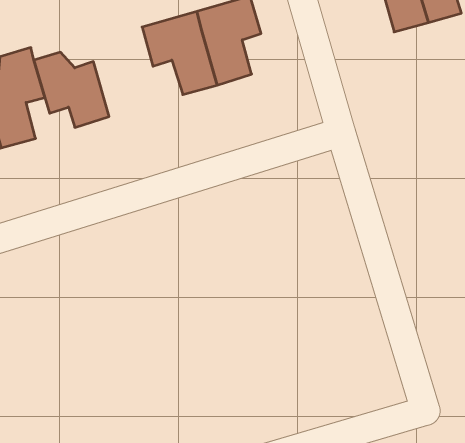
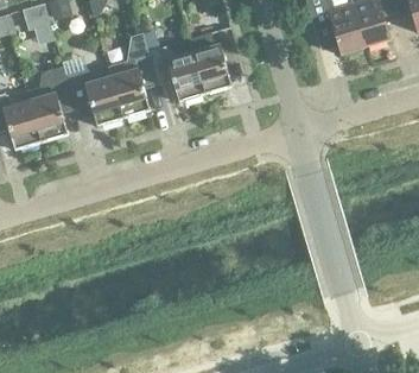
building: none -> [110,50,155,118]

